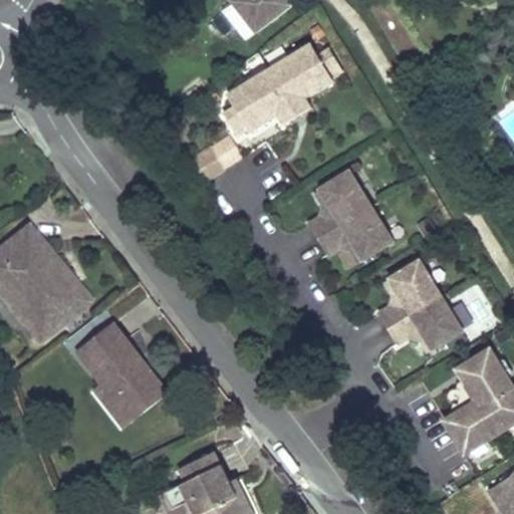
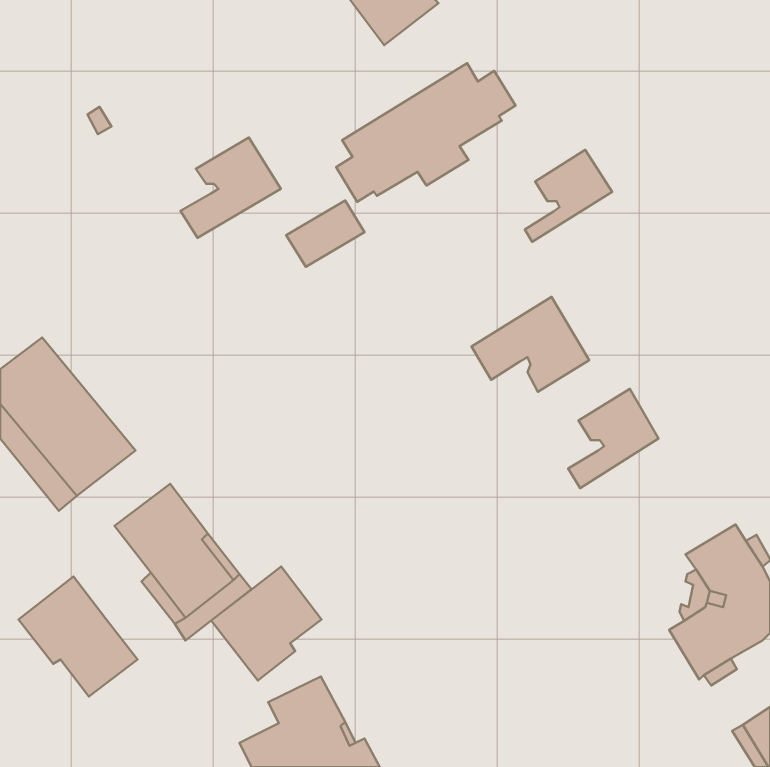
building: none -> [181,138,281,238]
building: [309,170,367,231] -> [525,150,612,242]
building: [387,292,463,350] -> none
building: none -> [211,566,322,681]
building: none -> [19,577,137,697]

